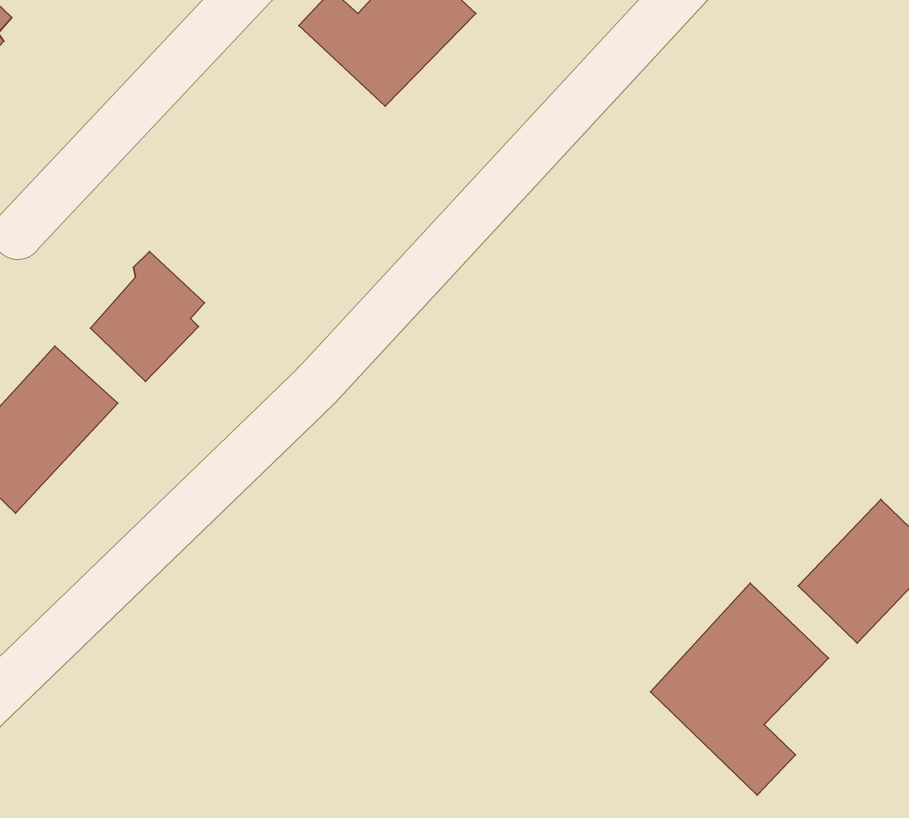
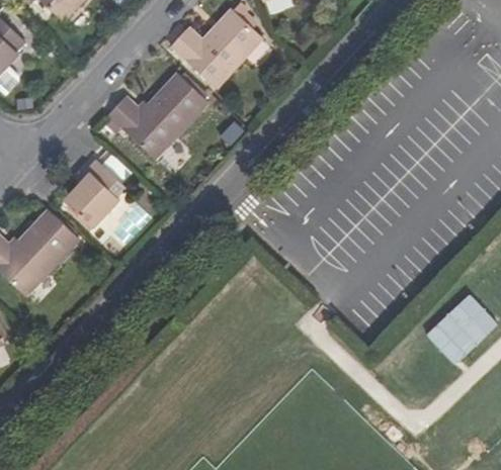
building: none -> [109,75,207,159]
building: [650,583,828,795] -> none

